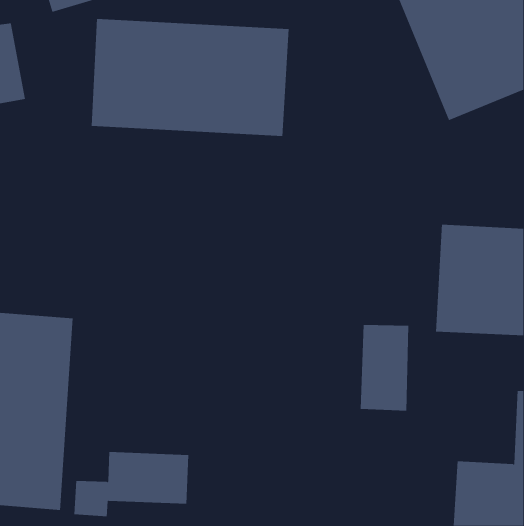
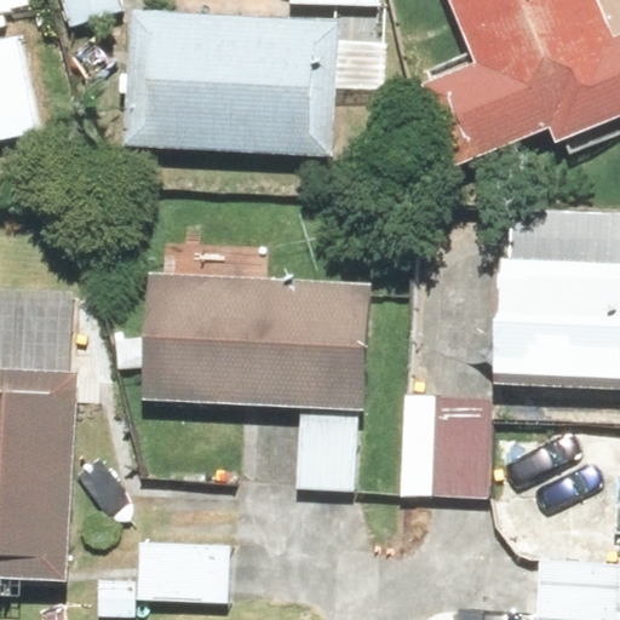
building: none -> [140,271,374,409]

